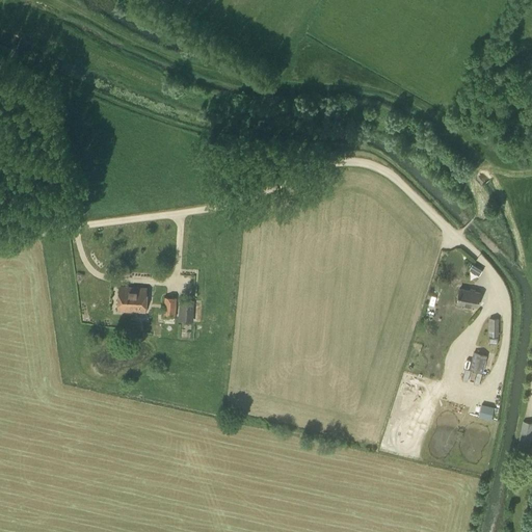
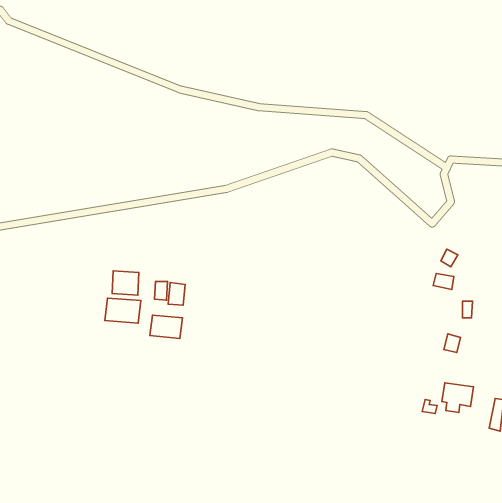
building: none -> [105,298,141,323]
building: none -> [150,315,183,338]

